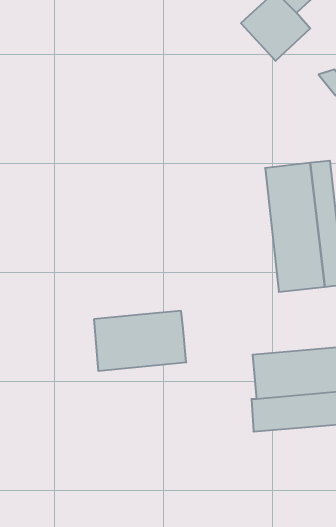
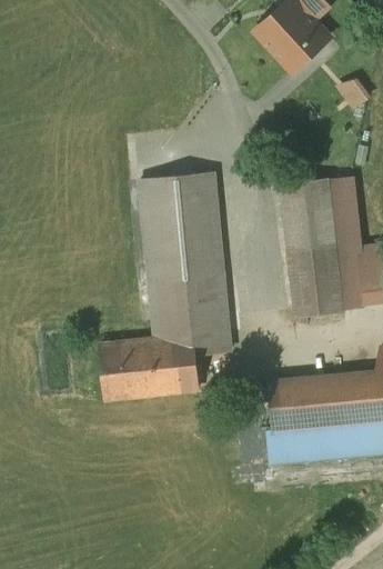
building: none -> [141,172,231,353]

